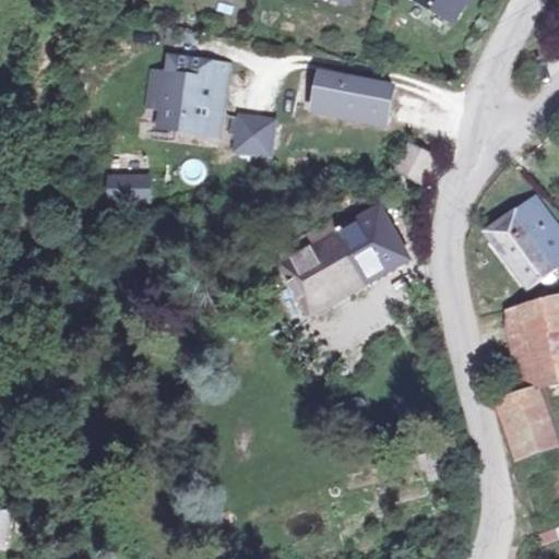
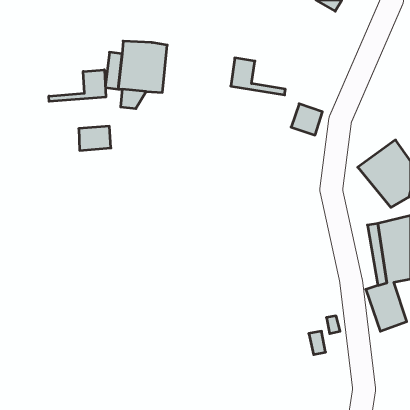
building: [343,84,393,122] -> none
building: none -> [49,70,106,101]
building: [231,111,281,158] -> none
building: [283,205,408,311] -> none

